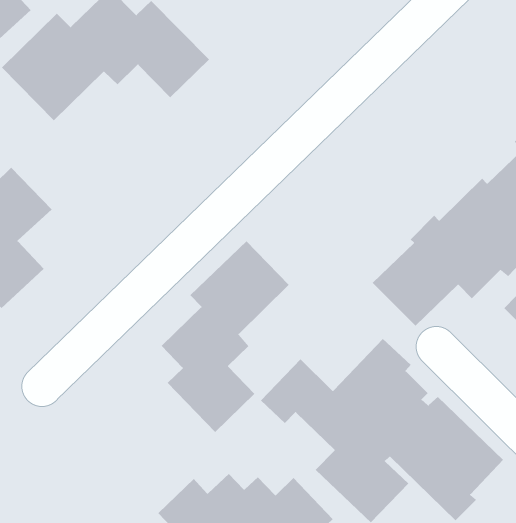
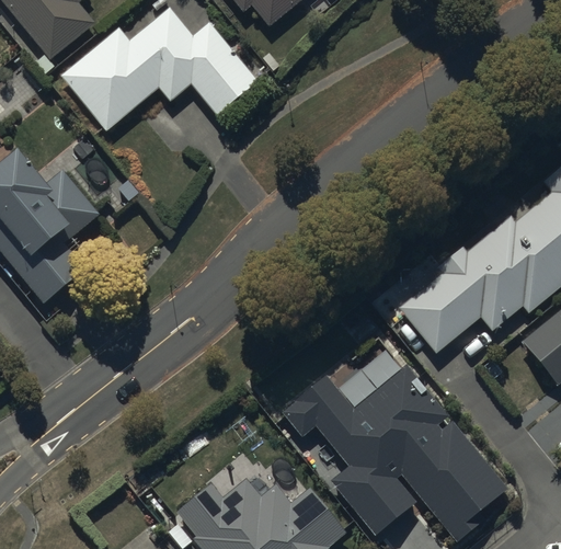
building: [161,240,290,433] -> none

